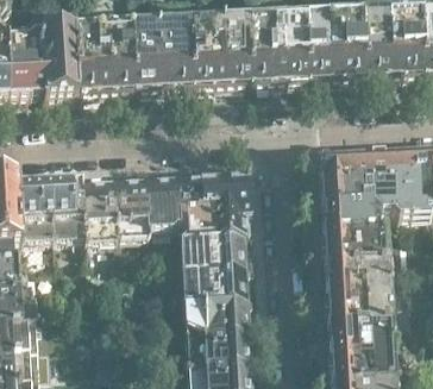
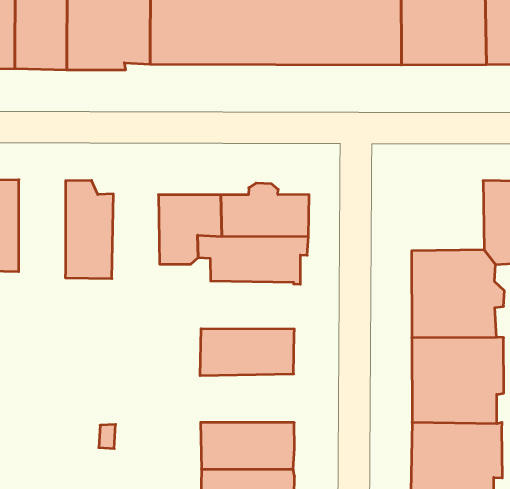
building: [322,155,375,206] -> none
building: [52,171,88,236] -> none
building: [118,177,152,237] -> none
building: [182,232,247,268] -> none
building: [184,295,251,332] -> none

